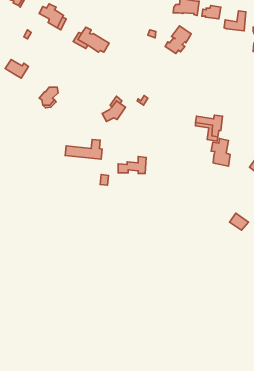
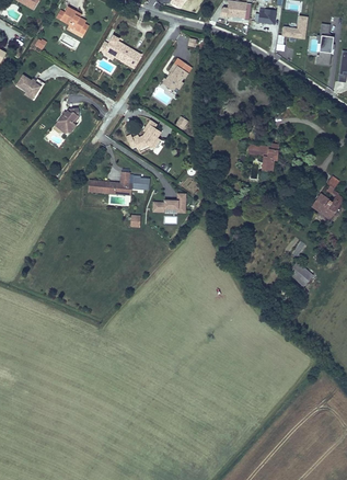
building: [165,26,191,54] -> [160,57,192,91]
building: [211,139,230,166] -> none

